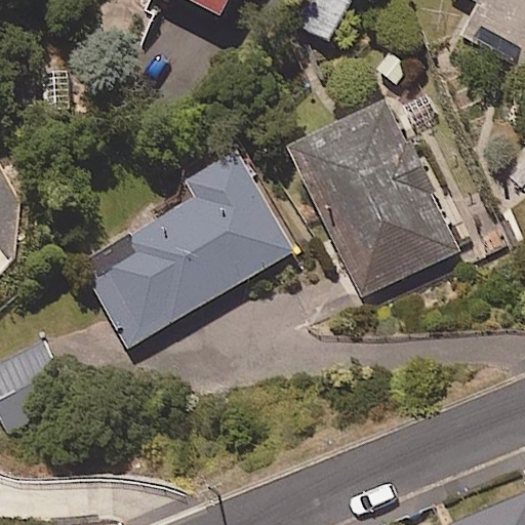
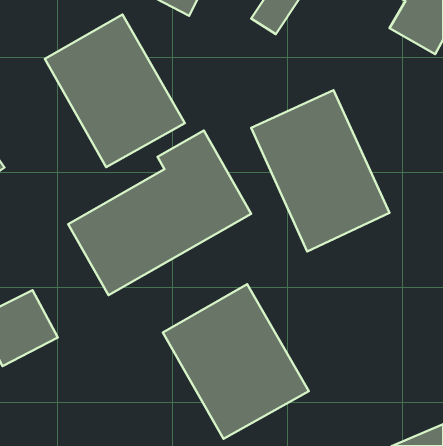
building: none -> [45,14,185,167]
building: none -> [163,284,309,439]

